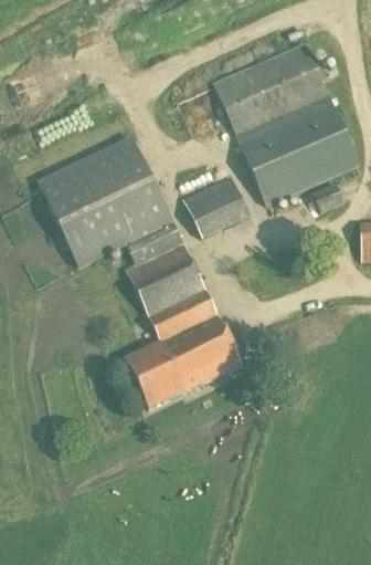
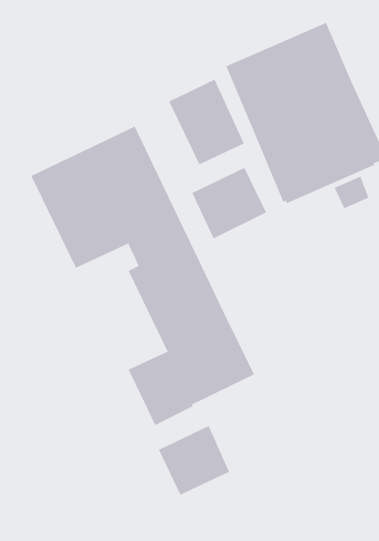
building: none -> [169,79,244,165]
building: none -> [158,425,230,496]

